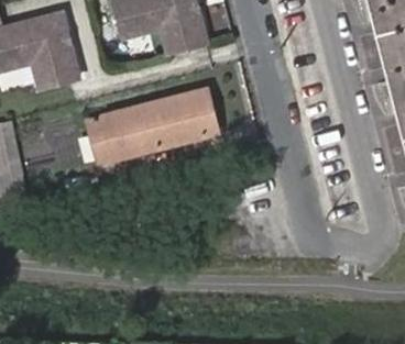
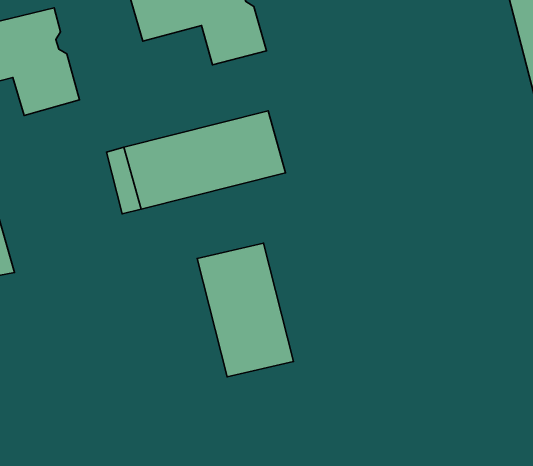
building: none -> [197,243,293,377]

